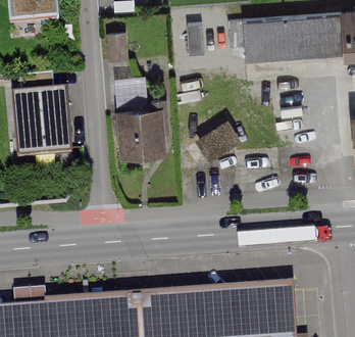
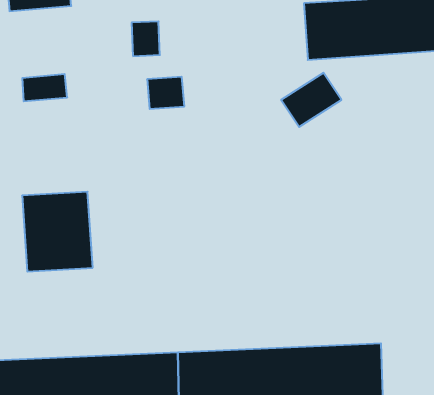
building: [11,95,67,158] -> [22,192,93,272]
building: [115,108,165,158] -> none
building: [194,119,242,162] -> [281,73,341,127]

